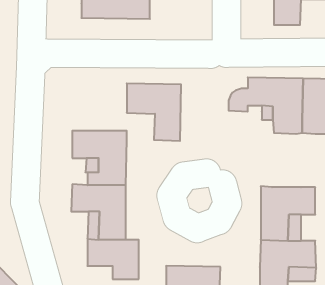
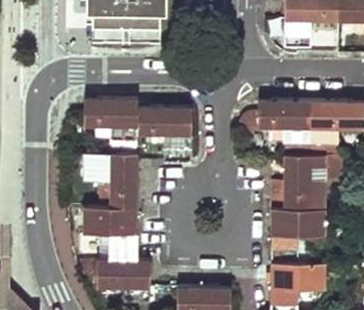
building: none -> [84,99,137,139]
building: none -> [271,154,325,209]

